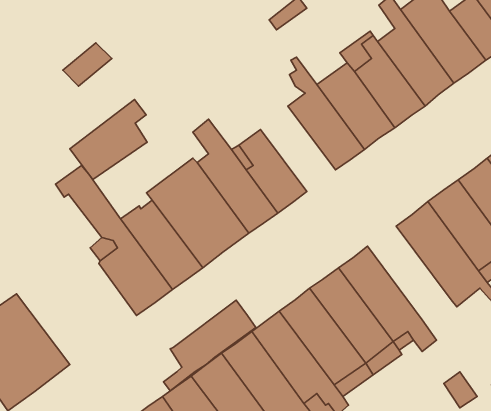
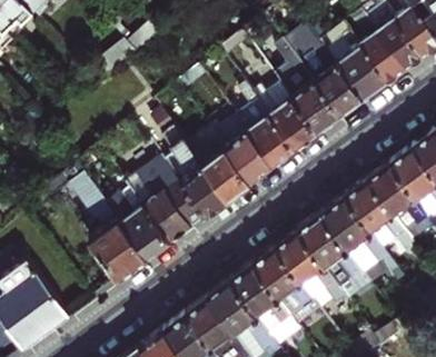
building: [70,100,147,180] -> none
building: none -> [215,119,274,185]
building: none -> [298,211,363,284]
building: [163,300,256,391] -> none

